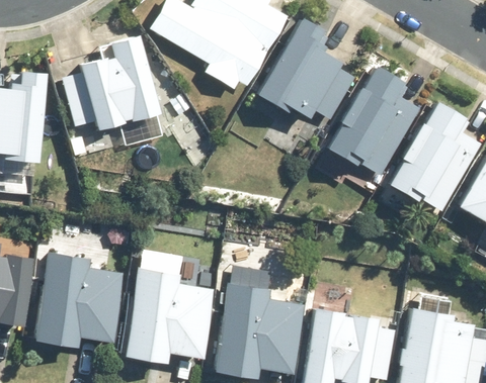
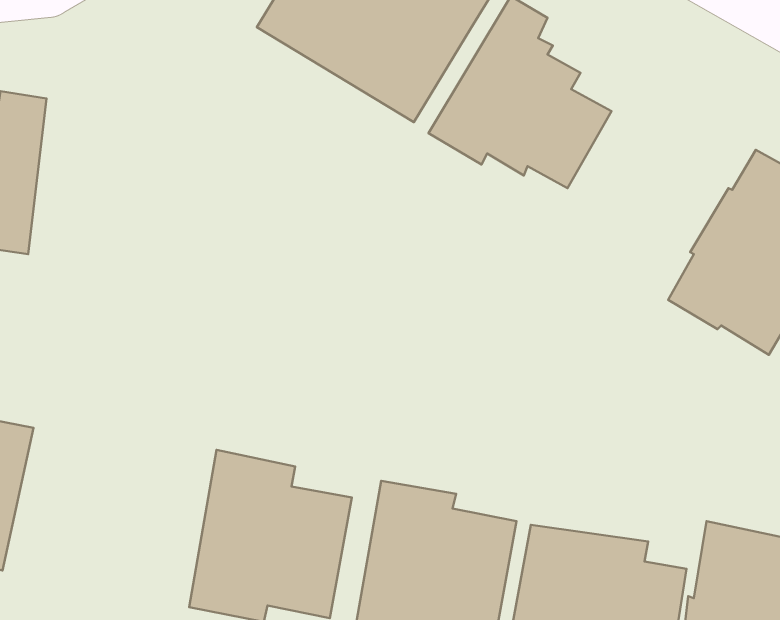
building: [61,33,157,124] -> none
building: [327,65,422,178] -> none
building: [34,253,127,347] -> none

